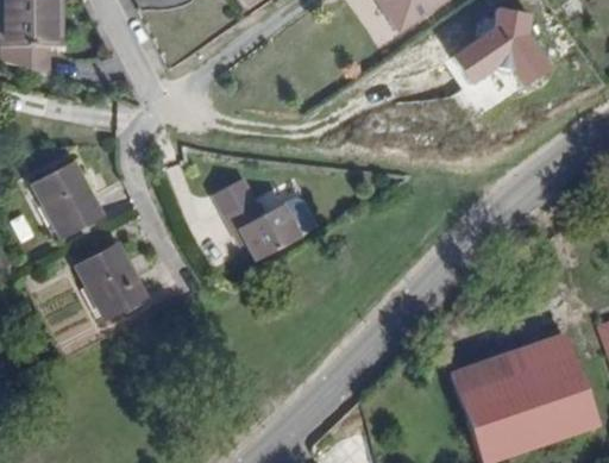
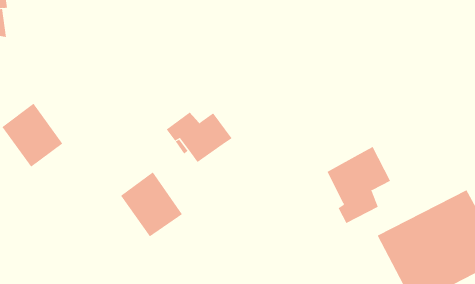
building: [76,243,146,319] -> [120,172,183,237]
building: none -> [327,146,391,224]

